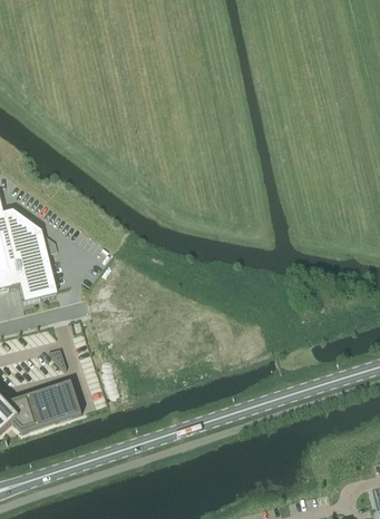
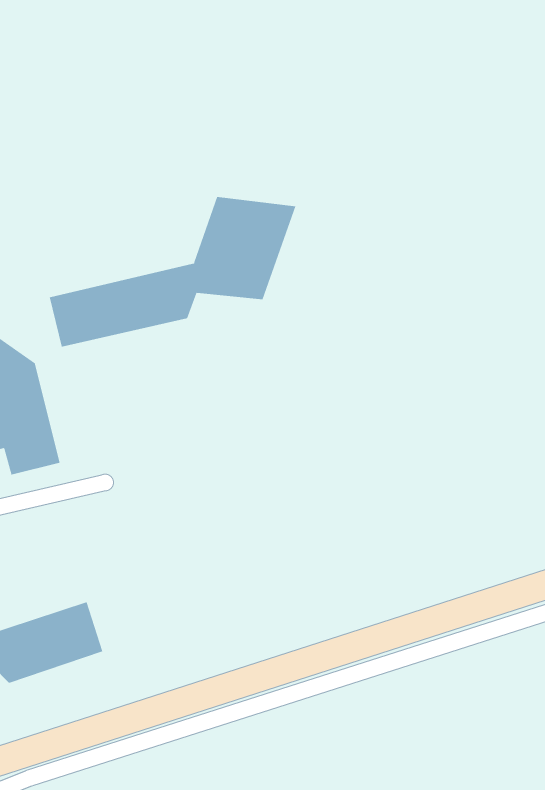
building: none -> [49,196,296,347]

